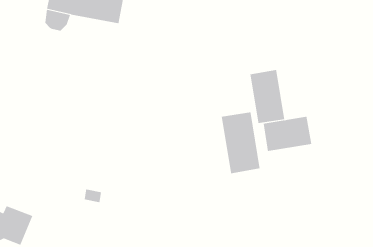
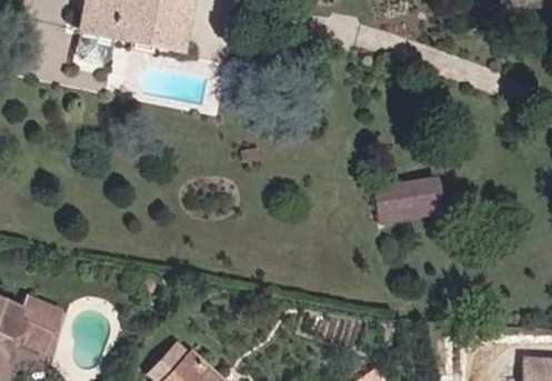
building: [250,69,285,124] -> none
building: [221,112,260,174] -> none

